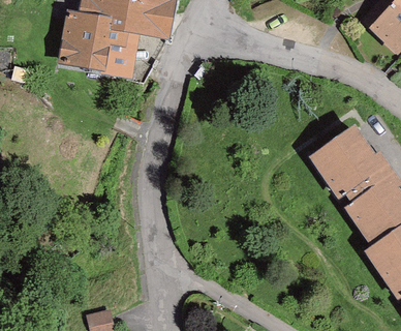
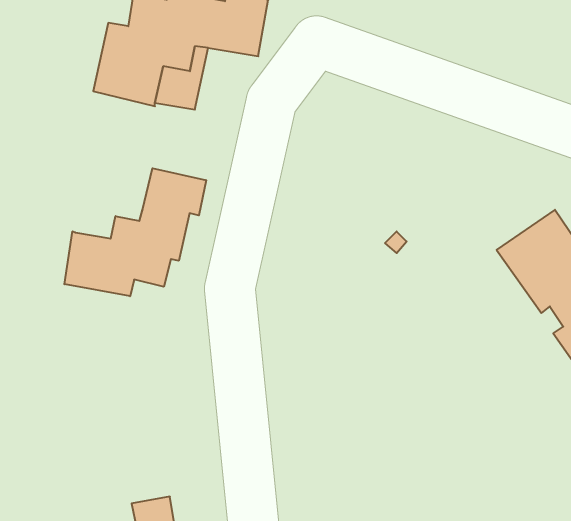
building: none -> [64,168,206,296]

